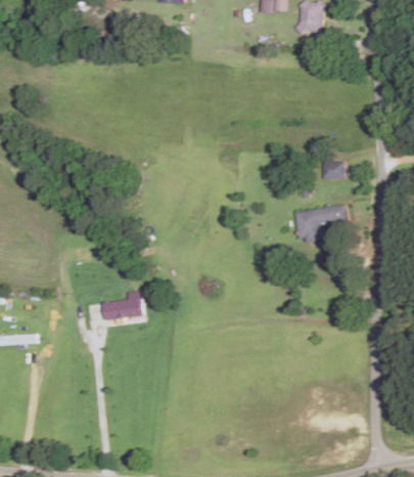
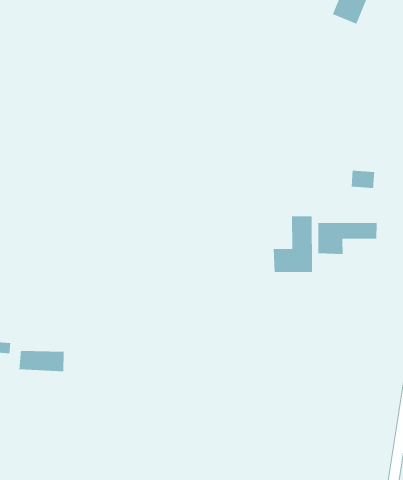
building: none -> [273,216,313,273]
building: [103,299,143,318] -> [19,350,64,372]

